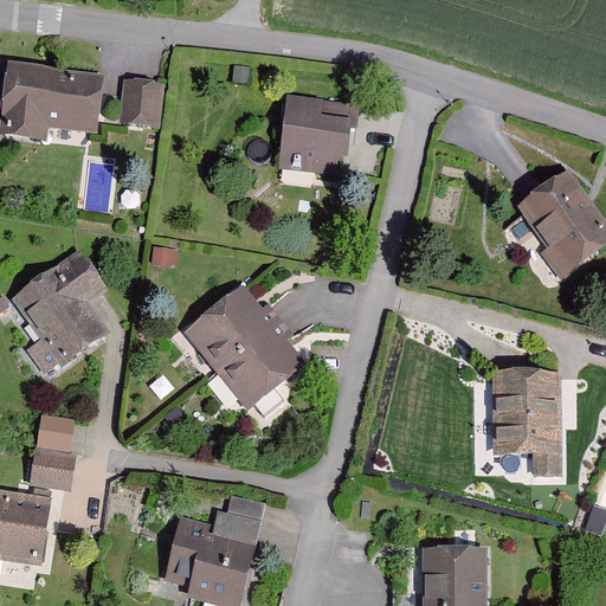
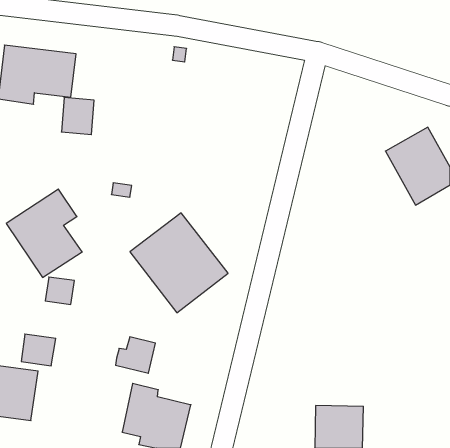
building: [117,76,161,125] -> [61,98,94,135]
building: [278,95,352,173] -> none
building: [495,369,562,476] -> none
building: [34,413,73,450] -> [45,277,74,304]
building: [211,494,264,542] -> [116,337,155,373]

